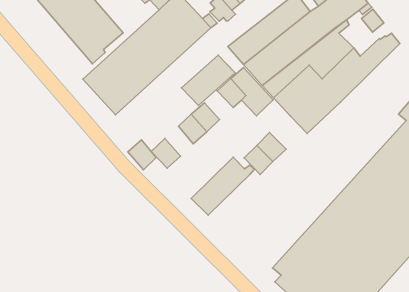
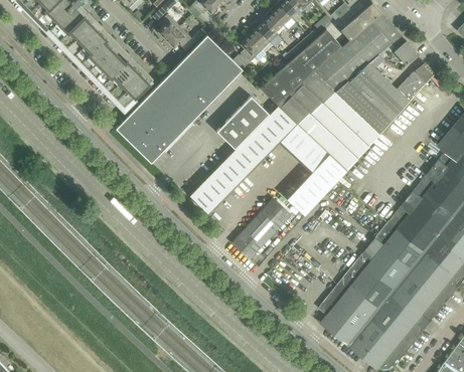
building: none -> [241,132,270,161]
building: none -> [294,138,341,187]
building: [128,140,156,170] -> [202,170,231,200]

